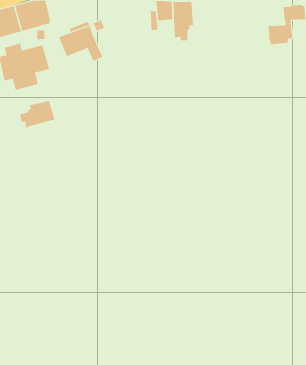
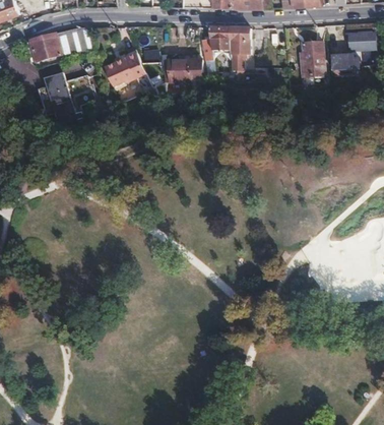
building: none -> [301,43,322,75]
building: none -> [164,58,200,82]
building: [19,100,55,128] -> none

